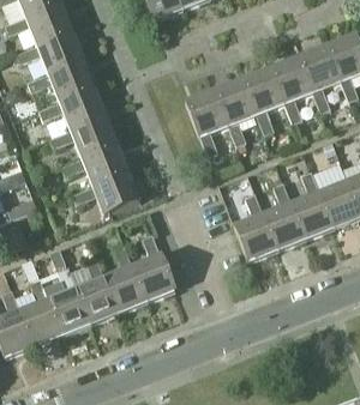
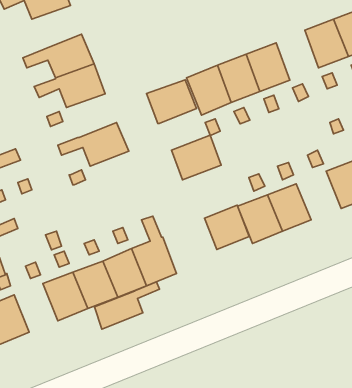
building: [17,31,84,73] -> none
building: [271,55,312,103] -> none
building: [70,116,118,158] -> [147,80,197,123]
building: [92,171,140,214] -> [171,135,221,180]
building: [290,191,334,237] -> none
building: none -> [205,205,249,249]
building: none -> [95,282,160,329]
building: [19,298,61,345] -> none

